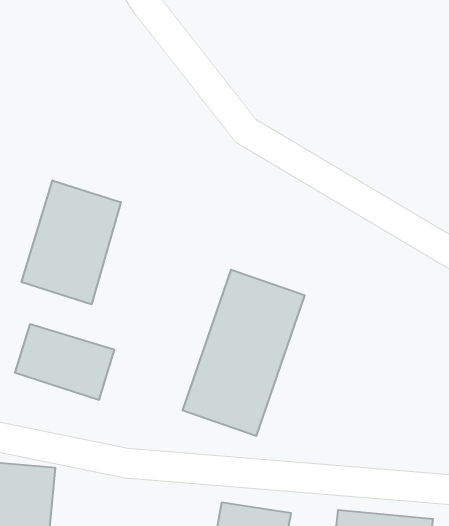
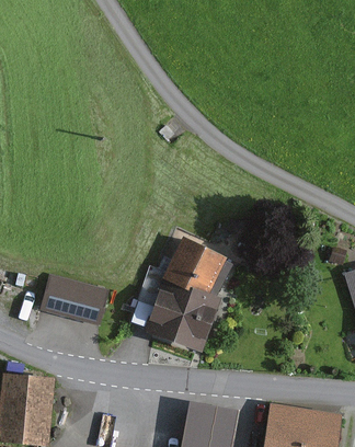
building: [22,180,121,304] -> none

